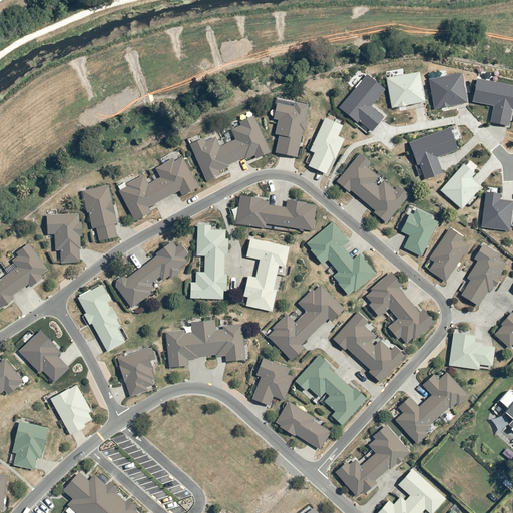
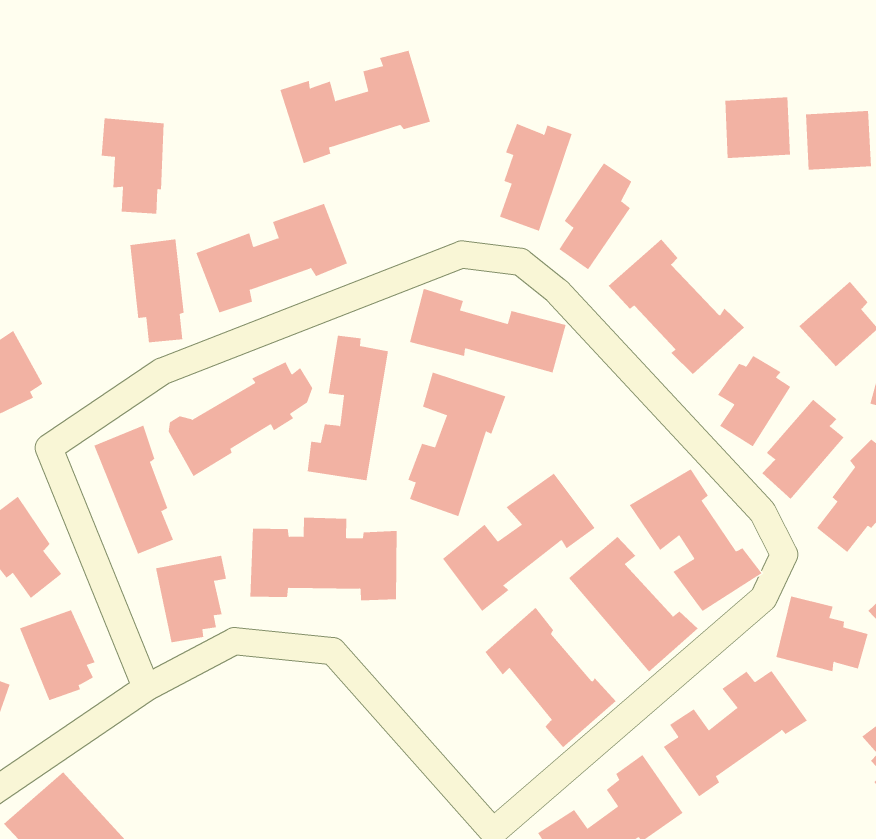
building: [338,74,384,130] -> none
building: [189,115,271,181] -> [279,50,431,164]
building: [407,127,456,178] -> none
building: [46,213,81,263] -> [101,118,164,214]
building: [305,221,376,294] -> none
building: [251,357,293,405] -> none
building: [275,401,330,449] -> none

